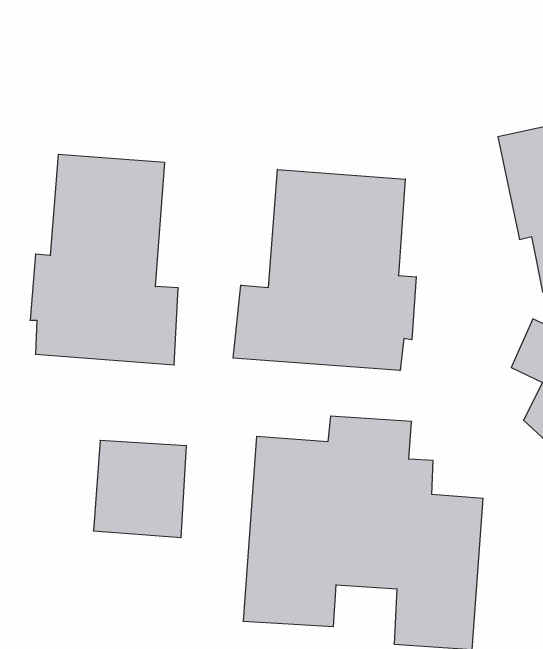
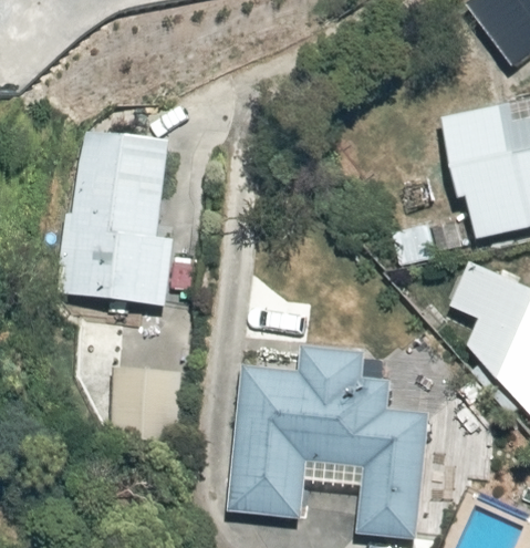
building: [233,169,416,371] -> none

